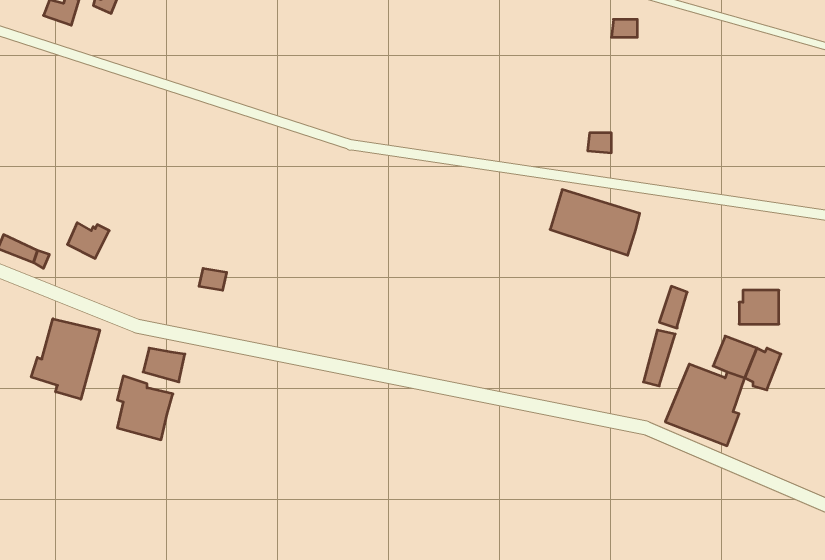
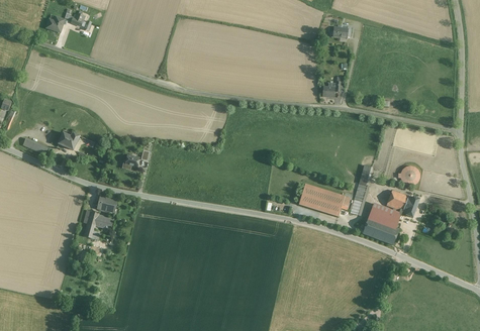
building: [550,190,640,255] -> [299,183,345,216]
building: [31,319,100,399] -> none

